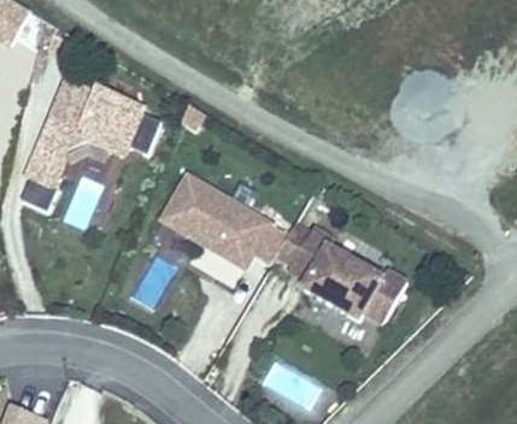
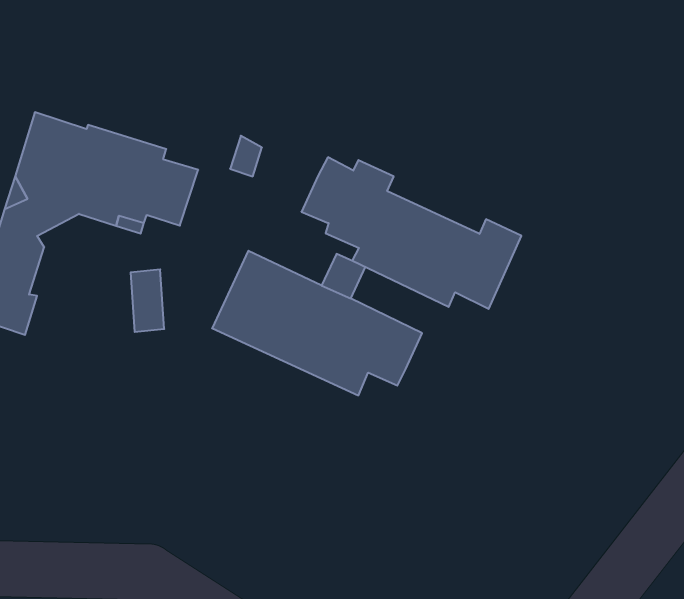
building: [275,223,406,324] -> [301,157,521,309]

